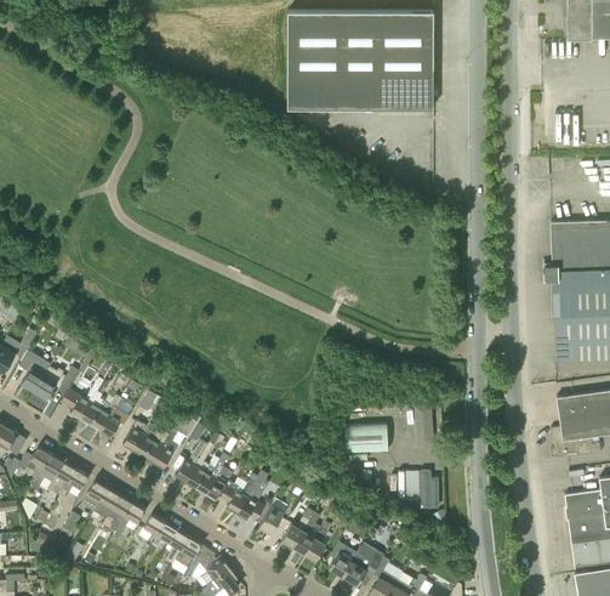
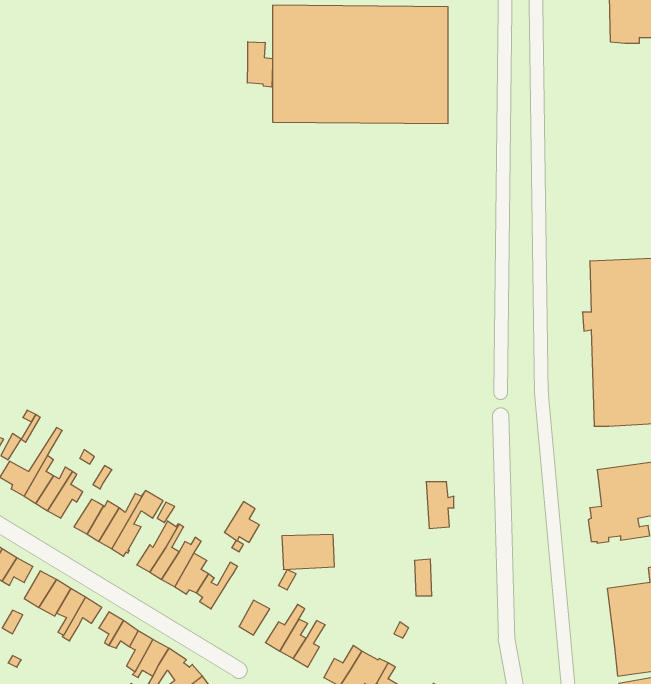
building: none -> [247,42,273,87]
building: [346,424,389,453] -> [282,535,334,570]
building: [420,471,439,510] -> none
building: [236,487,266,521] -> [224,502,259,542]

